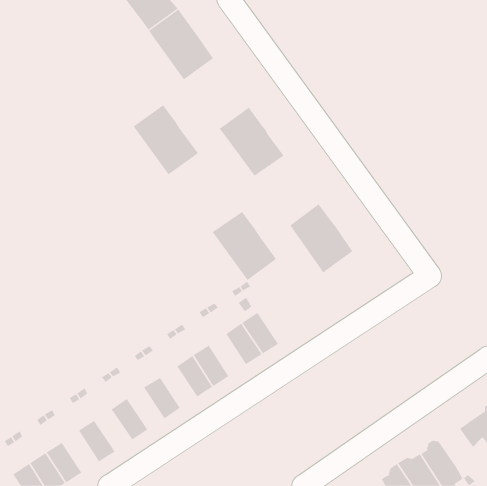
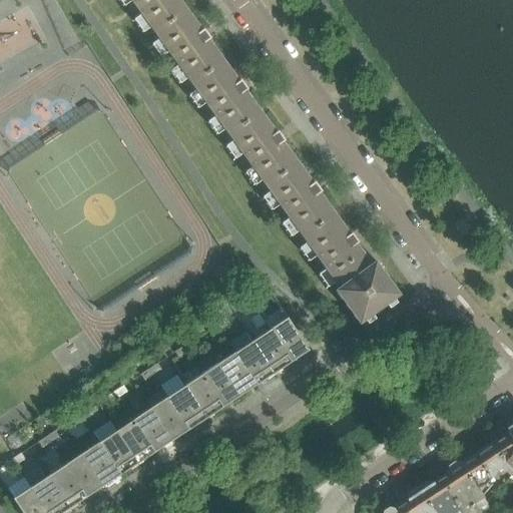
building: [133,104,199,175] -> [193,61,263,135]
building: [212,211,277,281] -> [268,163,336,236]
building: none -> [336,260,401,324]
building: none -> [272,317,310,361]
building: none -> [220,351,259,395]
building: none -> [169,385,207,428]
building: none -> [134,407,173,451]
building: none -> [100,430,139,474]
building: none -> [462,450,497,488]
building: none -> [66,452,104,496]

